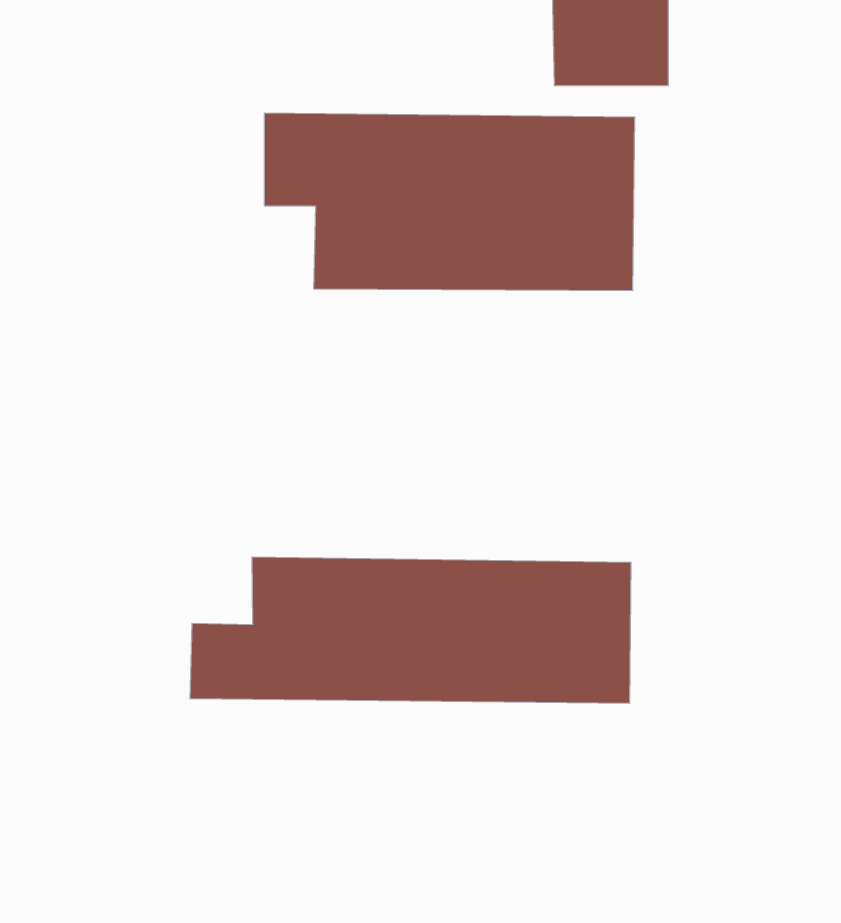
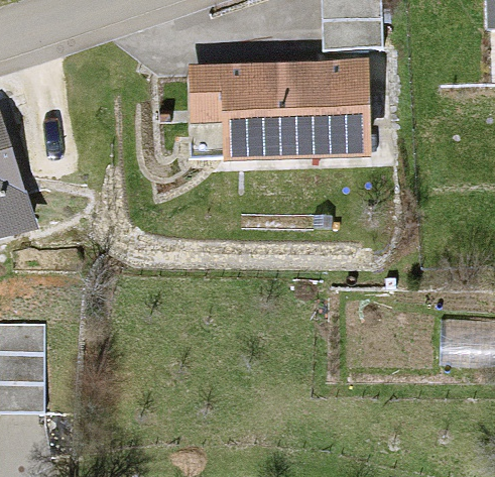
building: [190,557,631,704] -> none

